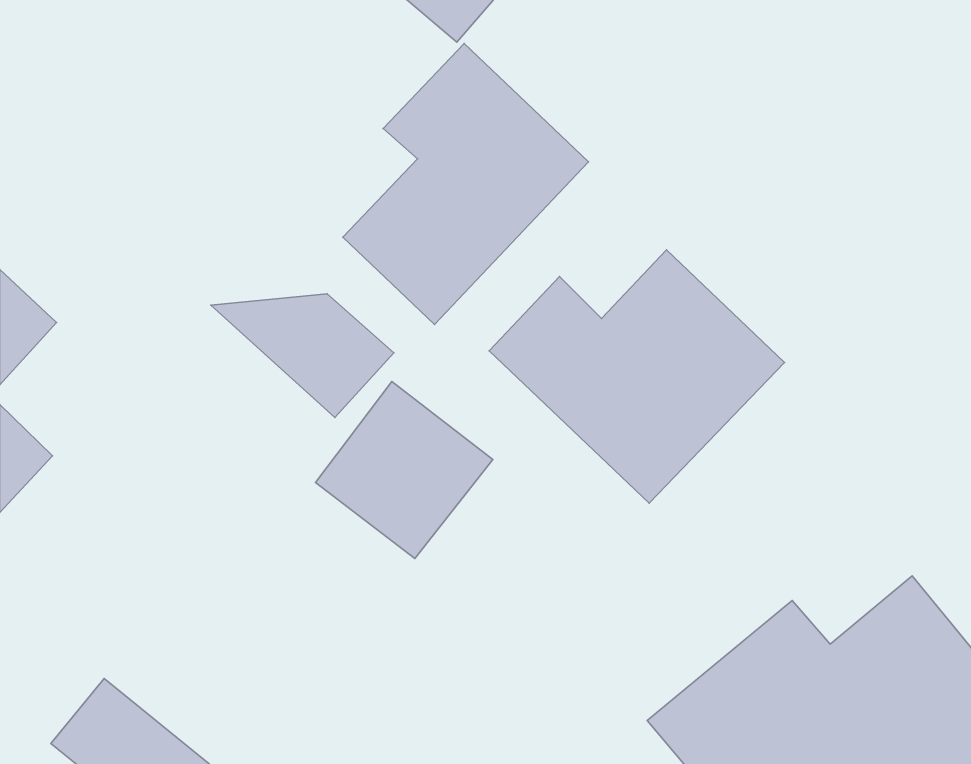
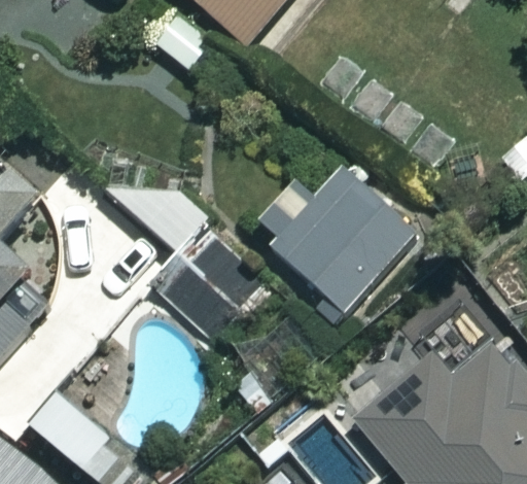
building: [343,44,589,324] -> none

